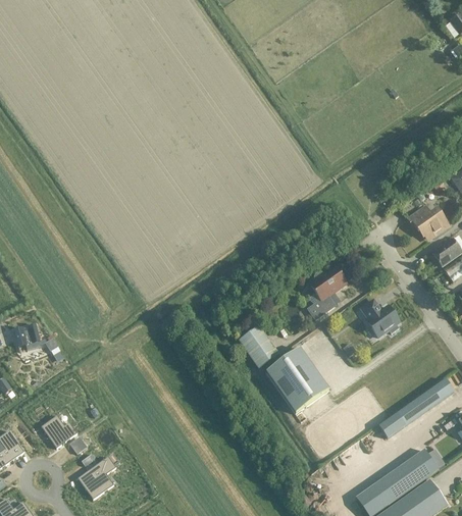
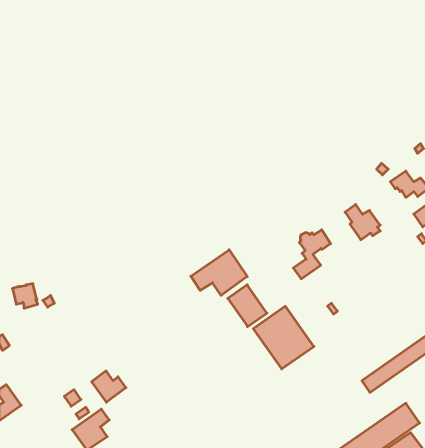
building: none -> [191,250,247,295]
building: [362,300,399,337] -> [345,204,380,240]
building: [41,414,76,447] -> [92,371,126,402]

